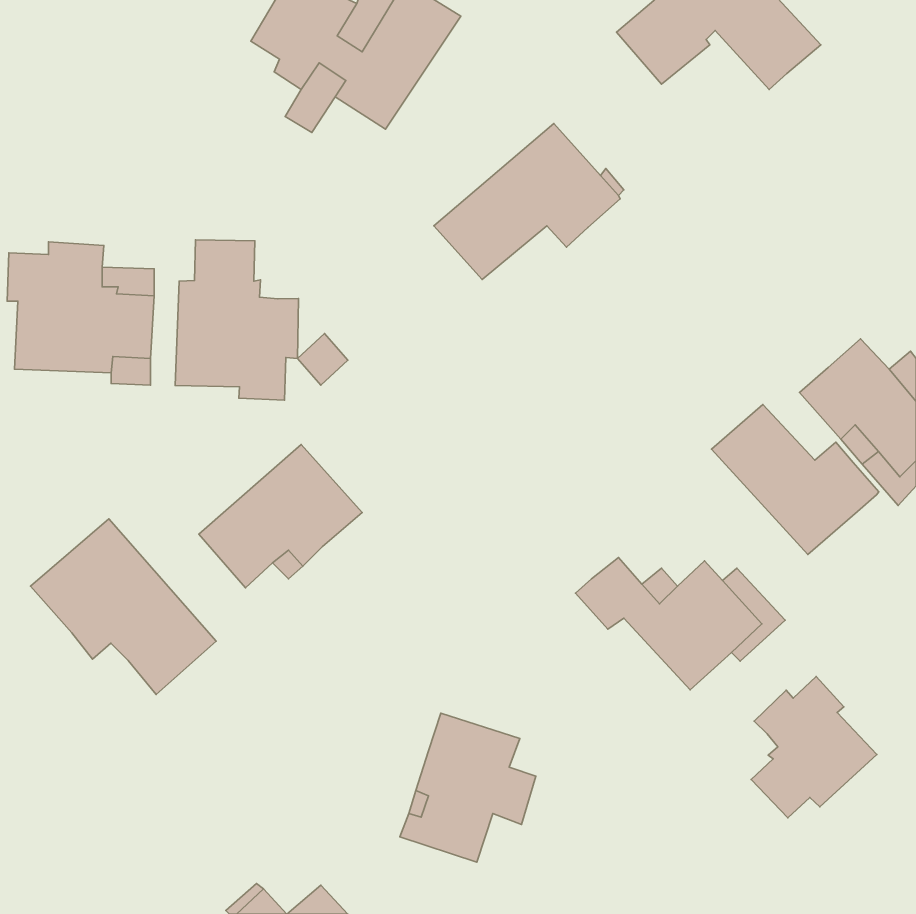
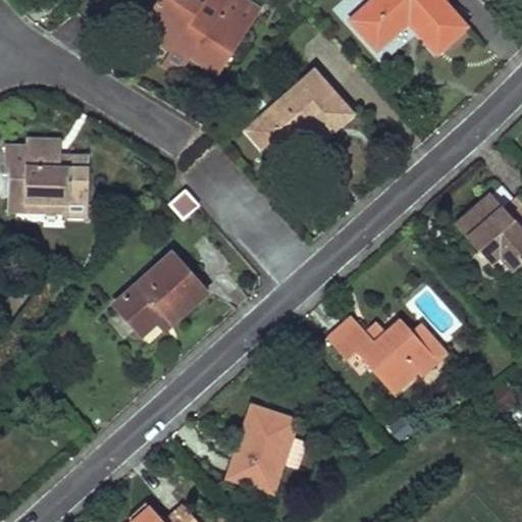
building: [175,240,298,400] -> none
building: [711,404,879,555] -> none
building: [30,519,216,695] -> none
building: [751,677,877,818] -> none

